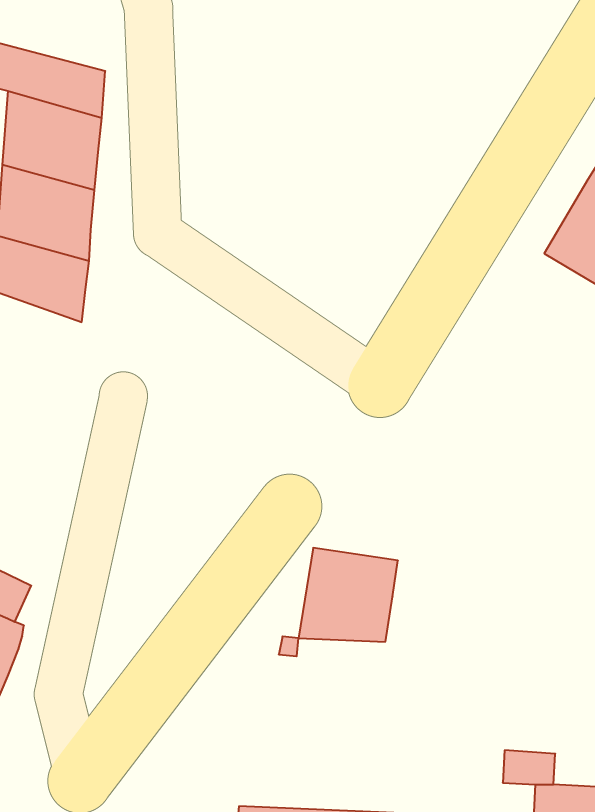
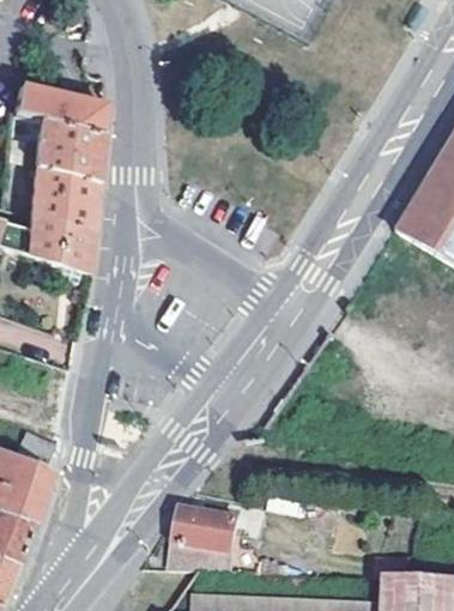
building: [299,548,398,642] -> [177,508,243,570]

